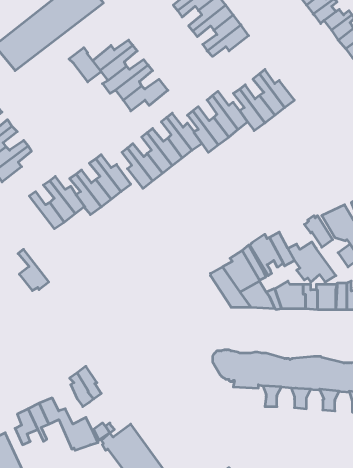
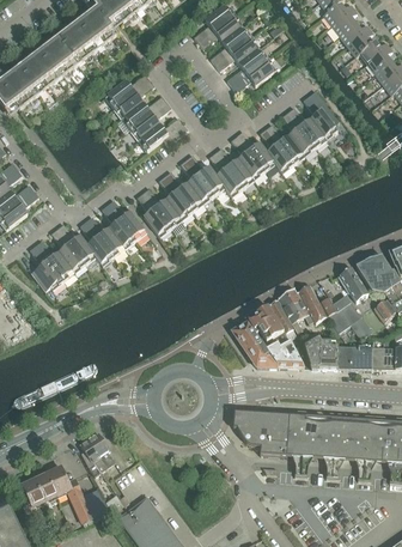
building: [69,48,101,82] -> none
building: none -> [303,90,339,139]
building: [18,249,49,291] -> [29,244,62,290]

